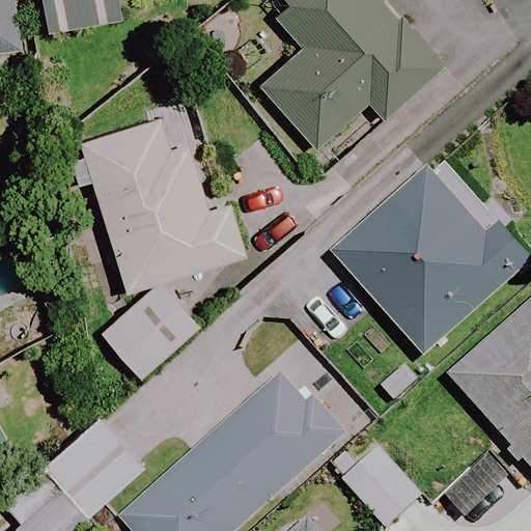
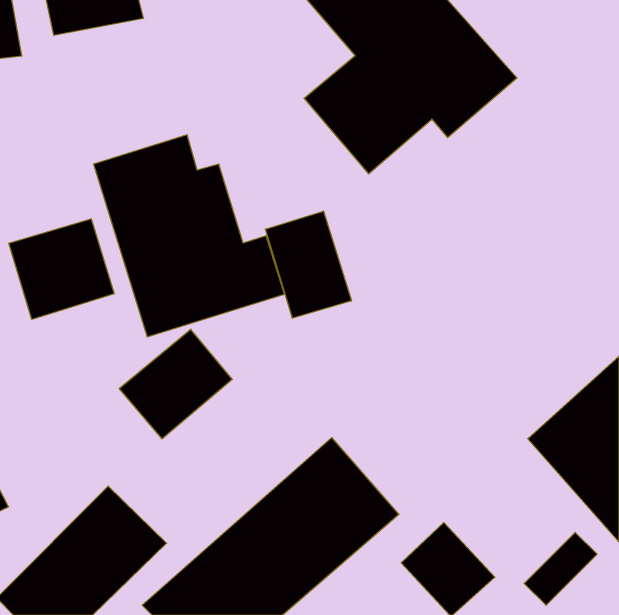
building: [333,165,522,355] -> none
building: none -> [265,211,351,318]
building: none -> [9,219,114,319]

